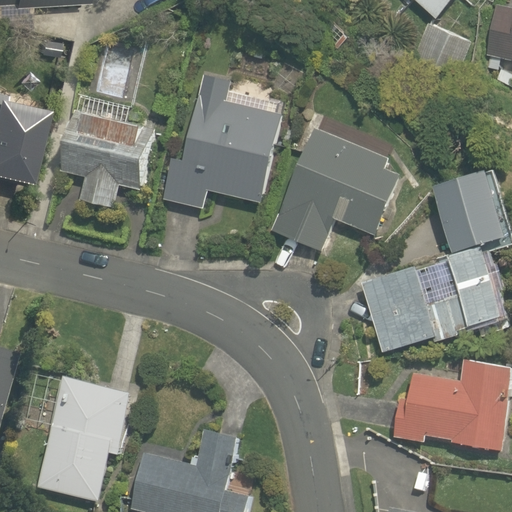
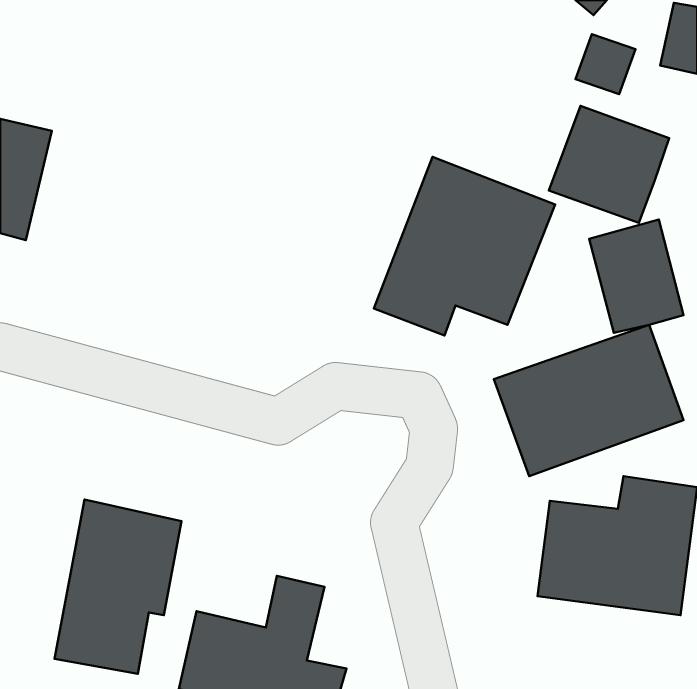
building: [168,77,284,211] -> none
building: none -> [549,106,669,223]
building: [53,93,152,206] -> none

